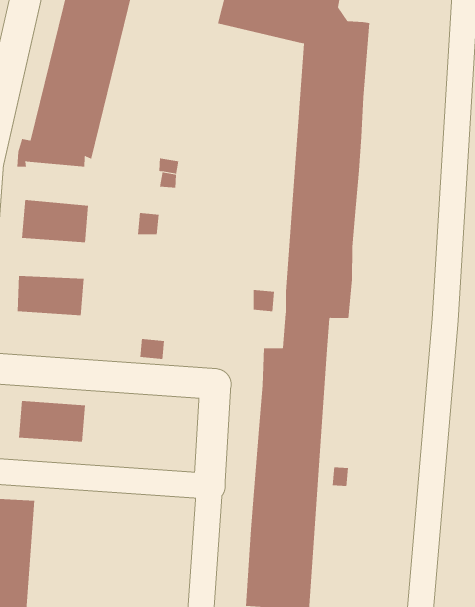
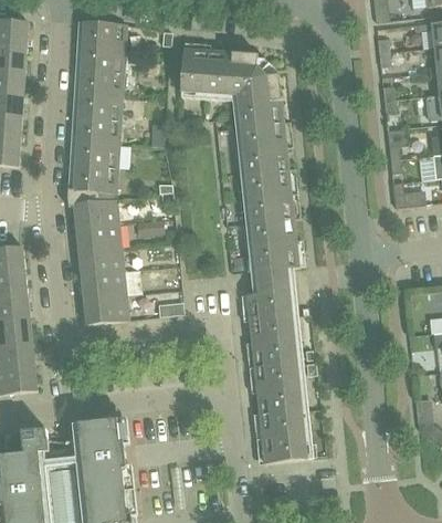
building: none -> [73,199,118,227]
building: none -> [78,248,124,276]
building: [18,401,86,442] -> [84,295,128,324]

